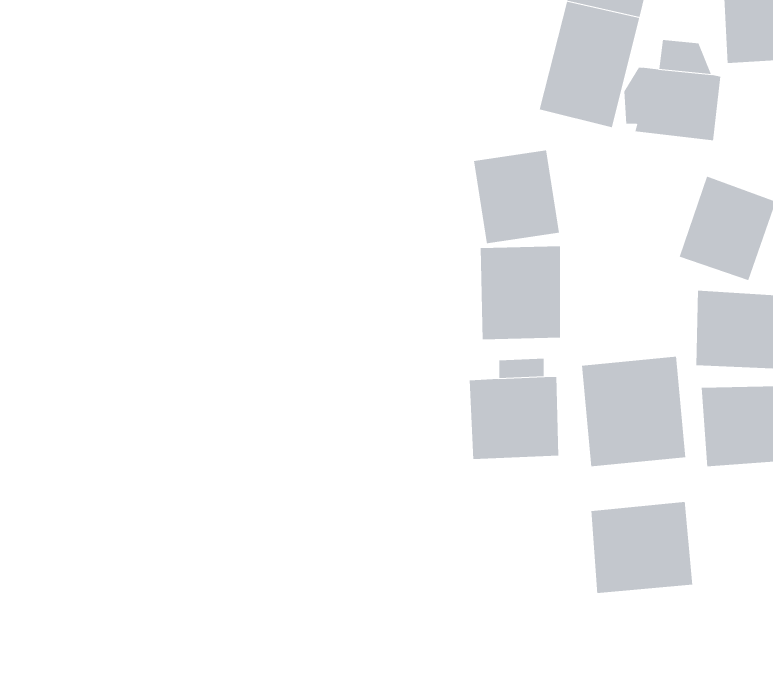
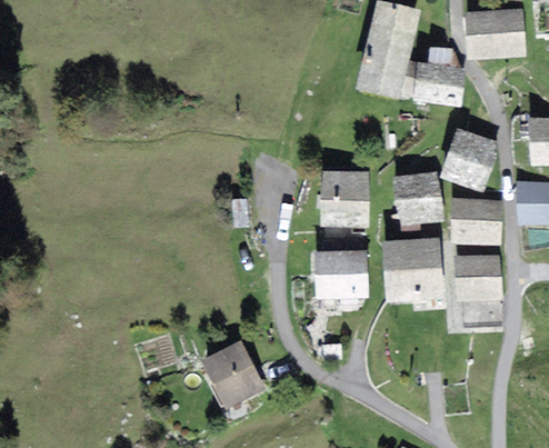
building: [473,150,560,244] -> [391,170,443,227]
building: [591,501,693,594] -> none
building: none -> [199,340,264,409]

